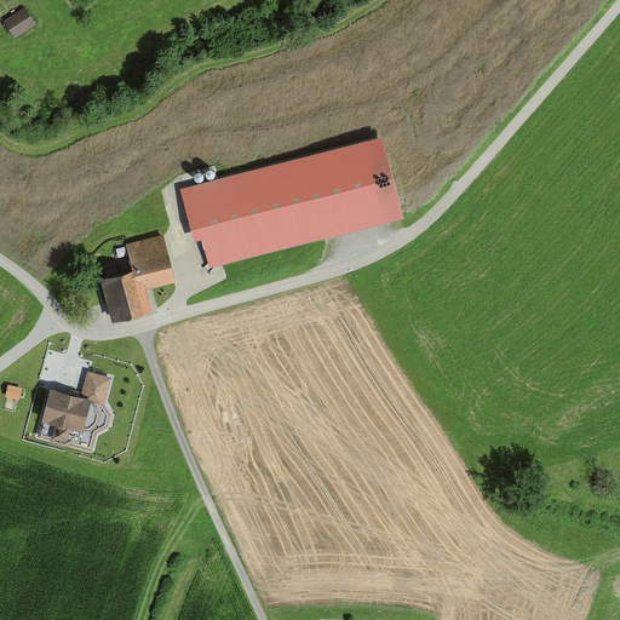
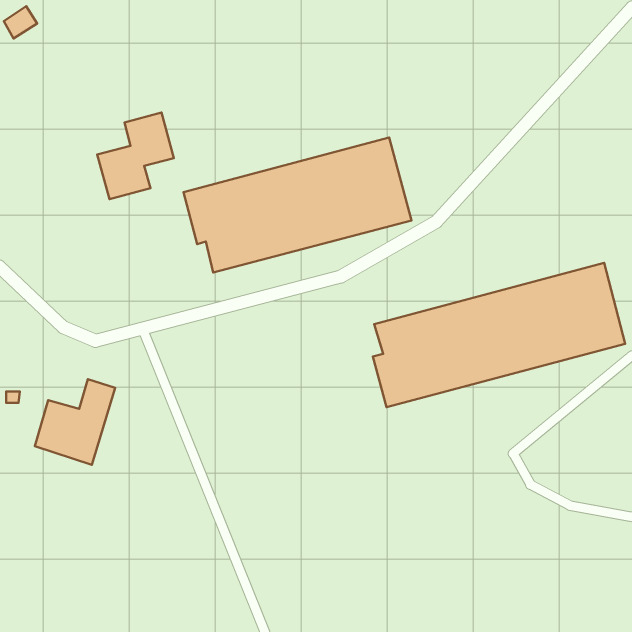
building: [99,235,174,320] -> [97,112,174,199]
building: none -> [373,263,625,407]

